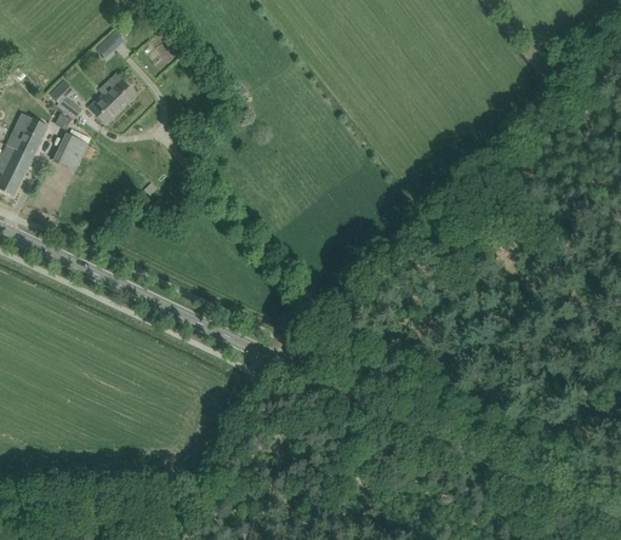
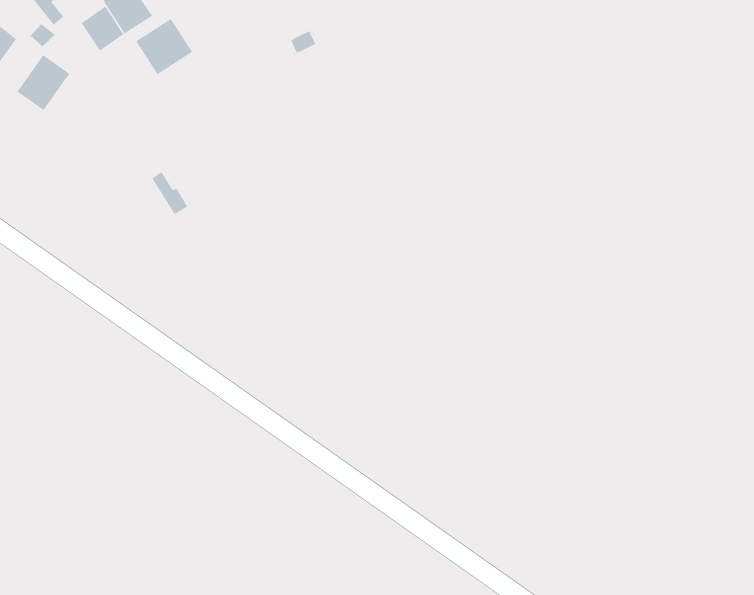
building: none -> [136,18,193,75]

